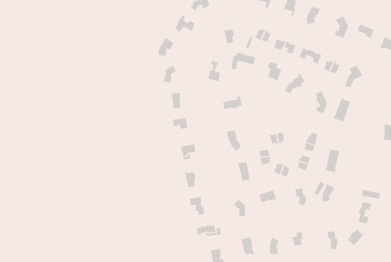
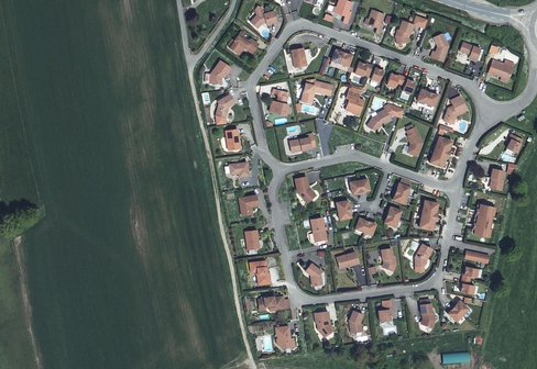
building: none -> [472,204,495,237]

